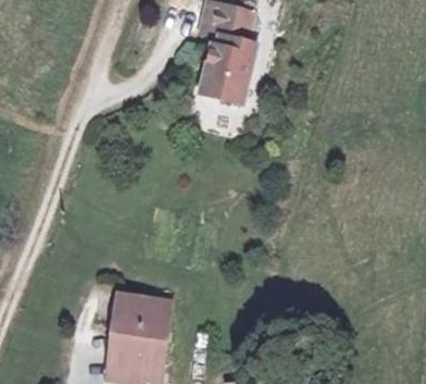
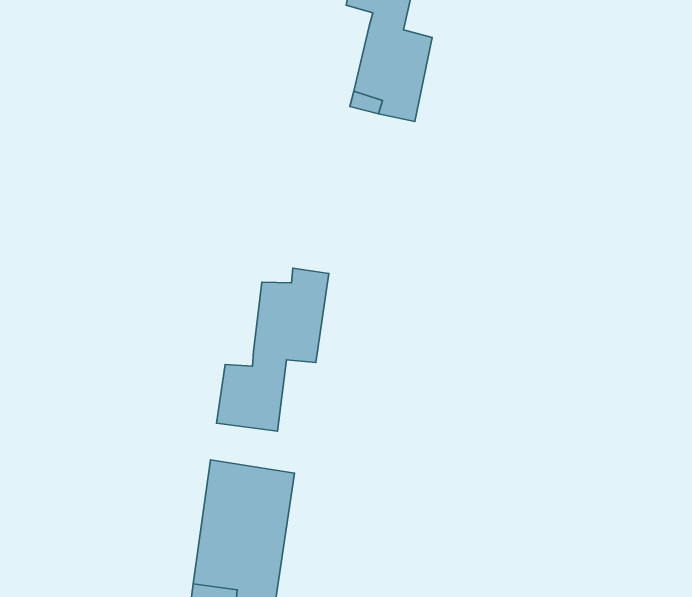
building: none -> [216,268,329,431]

